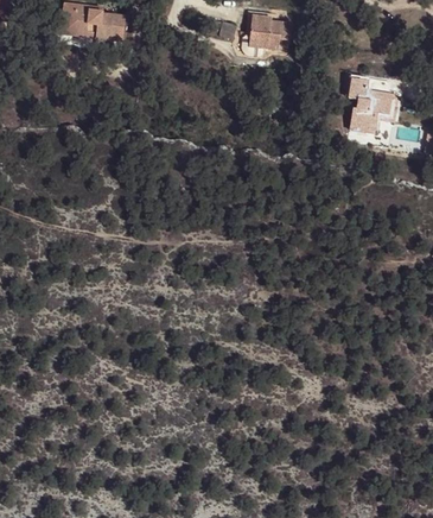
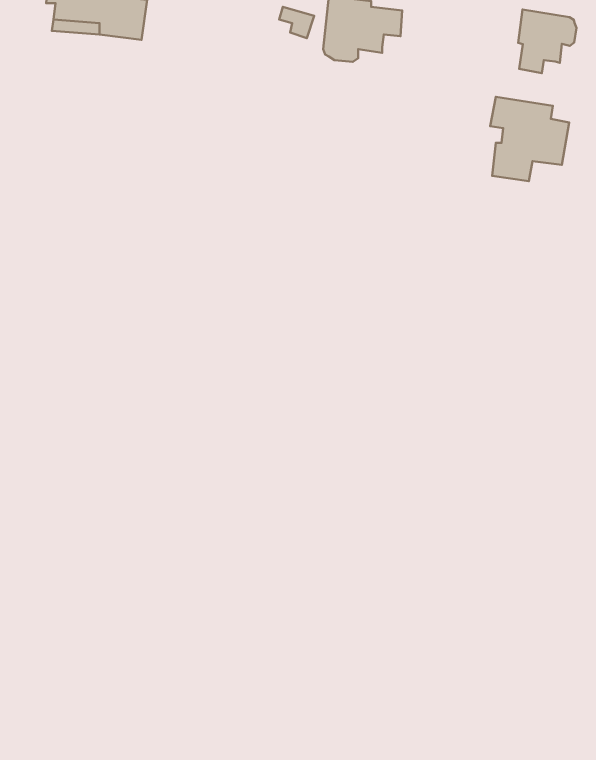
building: none -> [518,10,577,73]

